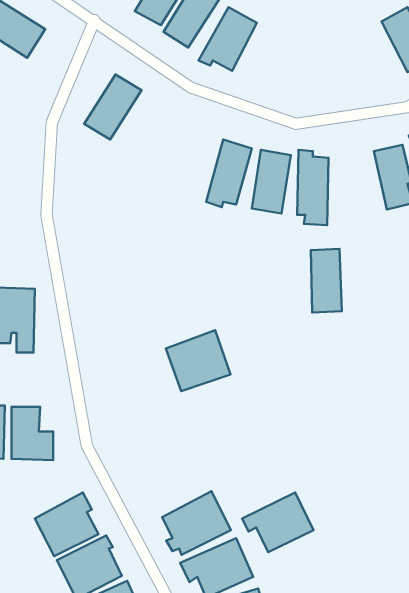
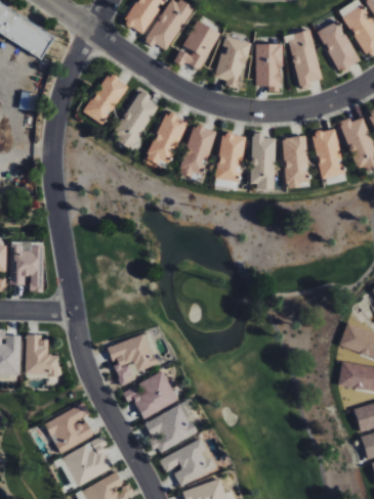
building: none -> [287,30,322,88]
building: none -> [214,36,250,89]
building: none -> [255,44,282,92]
building: none -> [112,90,158,148]
building: none -> [144,112,186,171]
building: [311,249,342,312] -> [284,137,308,187]
building: [166,330,231,391] -> [107,332,158,380]
building: [242,493,313,552] -> [122,371,178,418]

